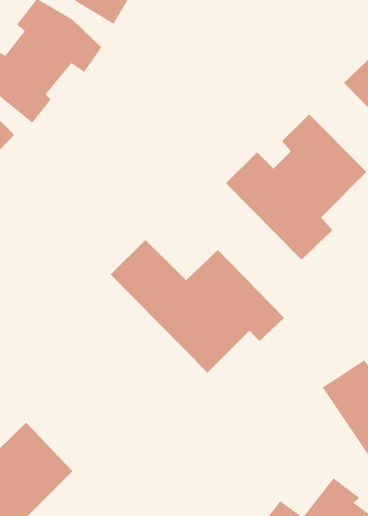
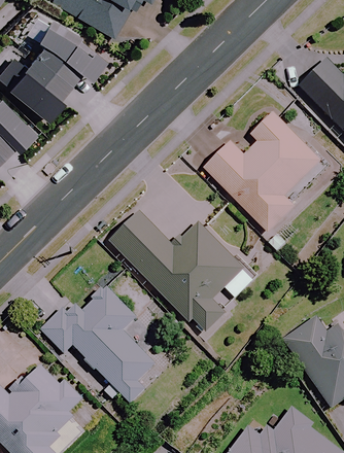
building: none -> [39,284,156,404]

